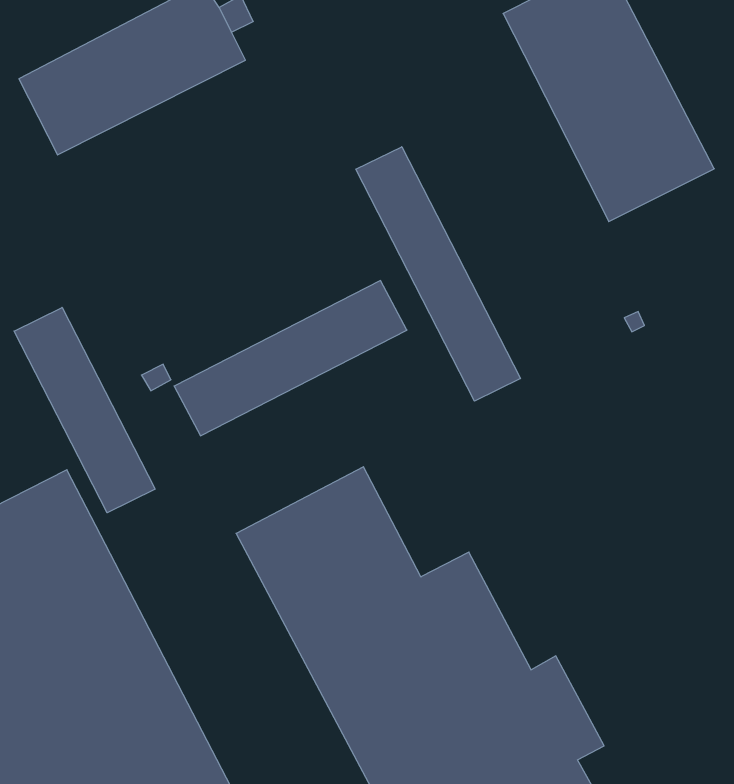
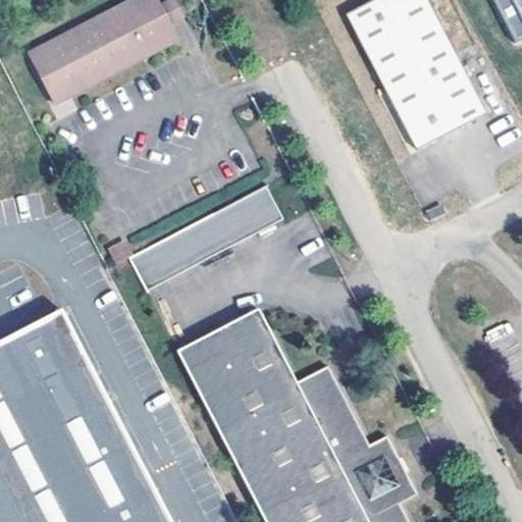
building: [356,147,520,401] -> none
building: [14,307,155,513] -> none

